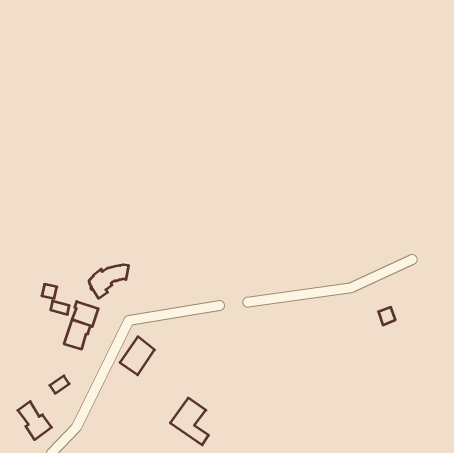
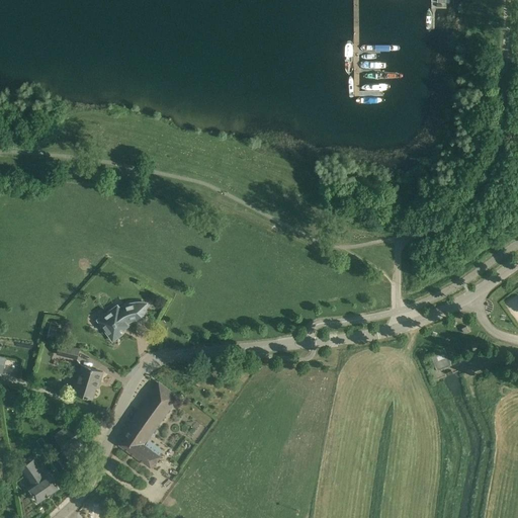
building: [72,301,98,327] -> none
building: [170,398,209,445] -> [116,413,160,466]

